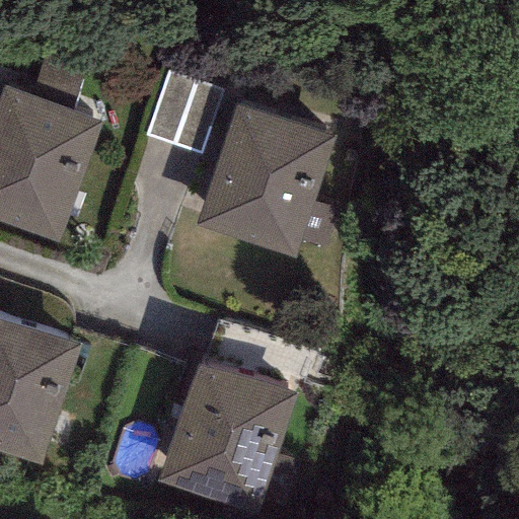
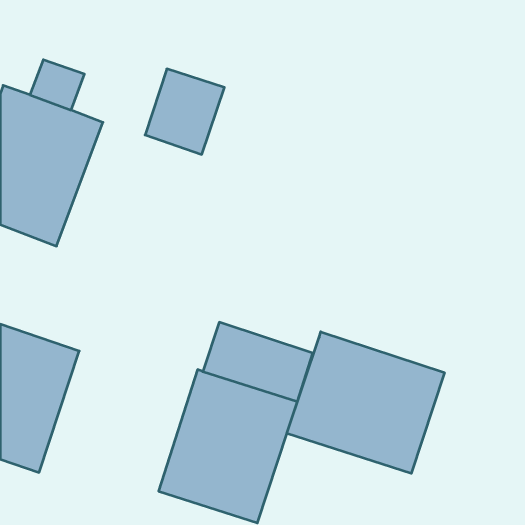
building: [196,100,337,257] -> none
building: none -> [287,332,444,473]

